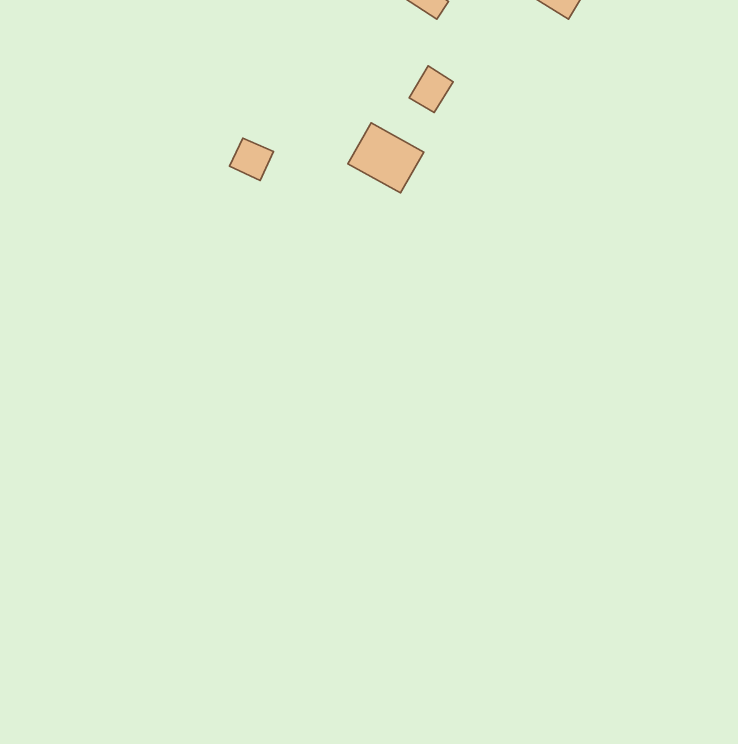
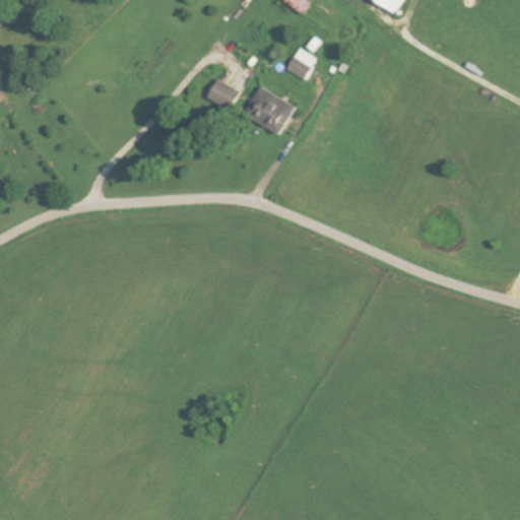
building: [230,138,273,181] -> [206,78,237,108]

